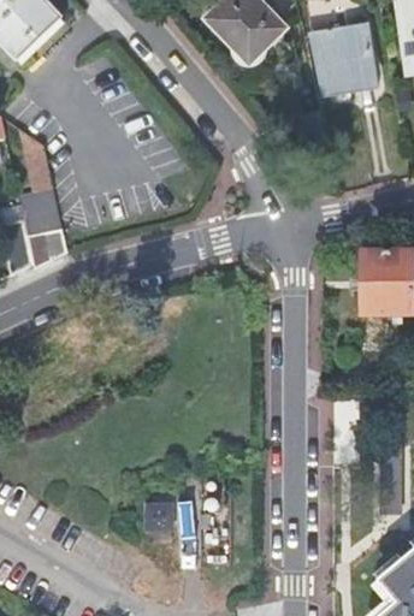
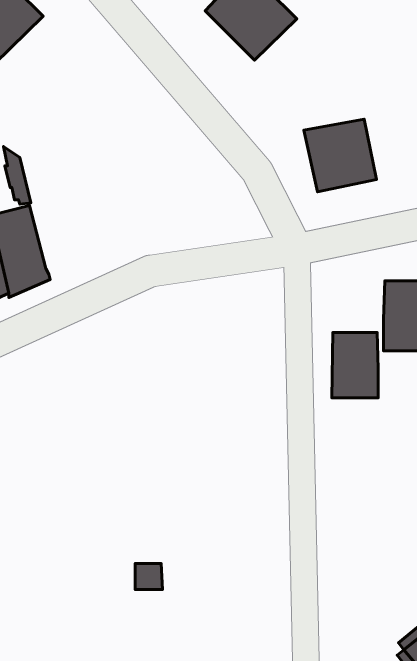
building: [310,24,374,88] -> [304,119,376,192]
building: none -> [332,332,378,398]

